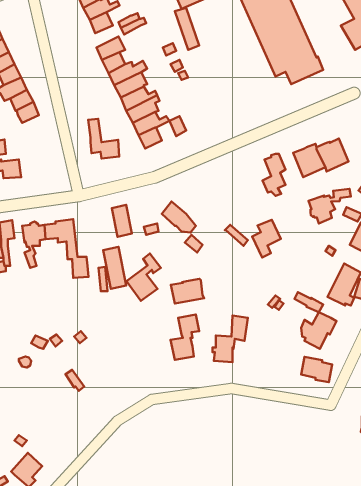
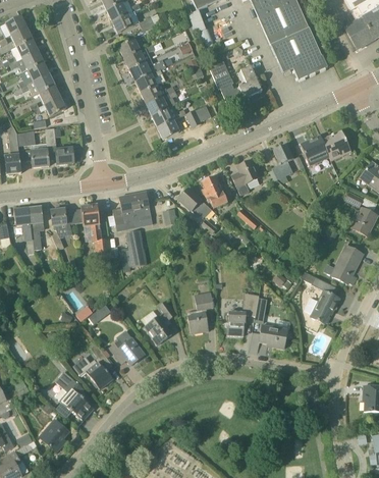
building: none -> [209,61,262,103]
building: [88,119,119,159] -> [45,127,73,164]
building: none -> [202,175,226,208]
building: [309,189,351,223] -> none
building: none -> [112,194,138,222]
building: [252,220,281,258] -> [231,160,258,195]
building: [127,253,161,301] -> [144,301,175,344]
building: [171,279,204,304] -> none
building: [301,357,332,382] -> [258,324,286,348]
building: none -> [109,338,144,364]
building: none -> [72,357,113,388]
building: none -> [55,371,94,420]

